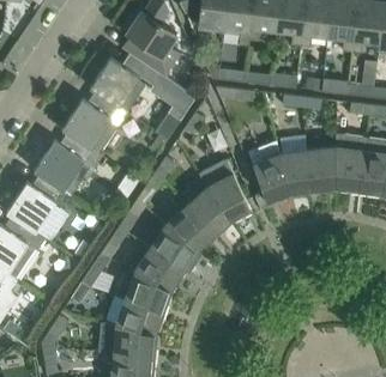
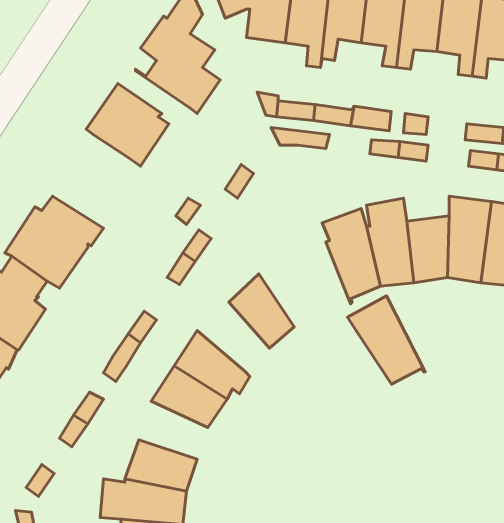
building: [147,74,195,121] -> none
building: [61,92,117,154] -> none
building: [200,163,253,223] -> [348,296,425,384]
building: [164,206,213,253] -> none
building: [125,273,171,312] -> none

